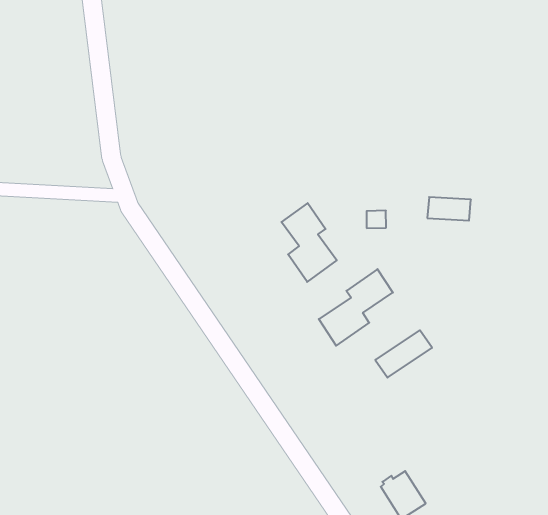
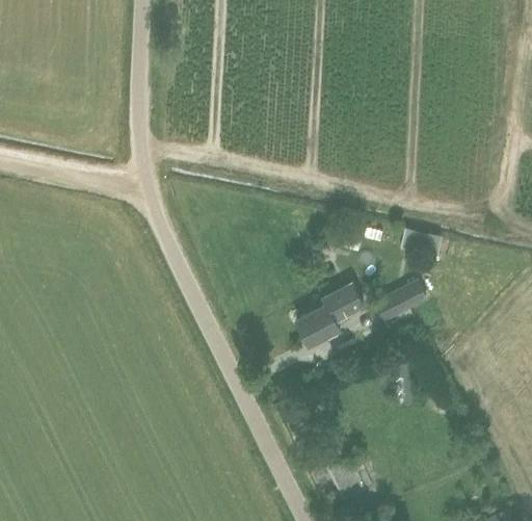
building: [281,203,337,282] -> none
building: [375,330,432,378] -> [376,285,426,321]

